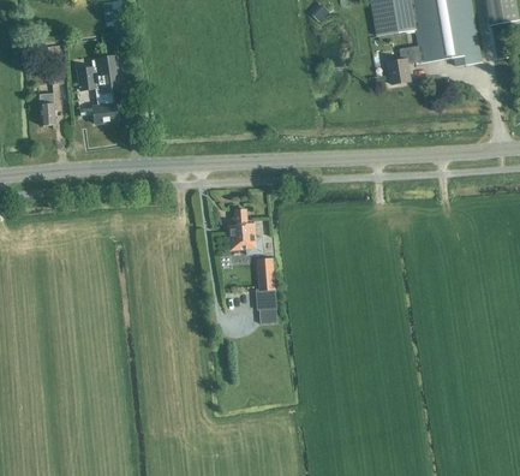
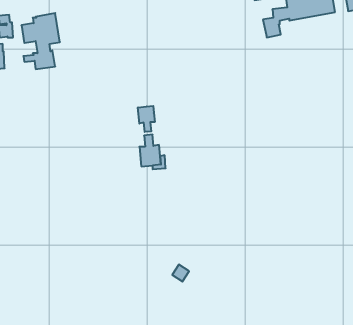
building: none -> [138,106,155,132]
building: [253,257,275,309] -> none

